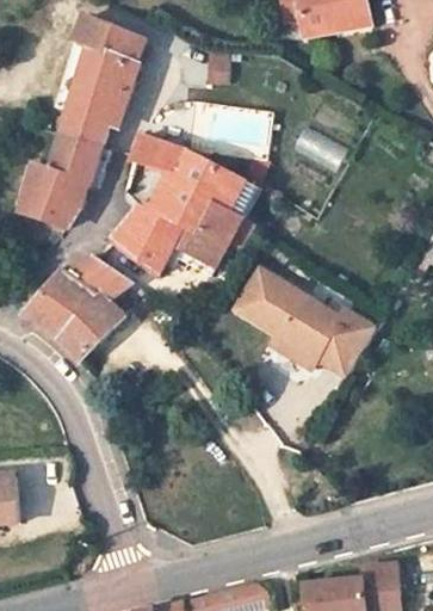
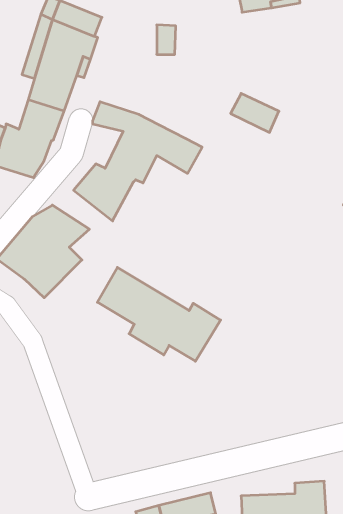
building: [184,197,241,260] -> none
building: [235,267,375,374] -> [97,267,221,361]

